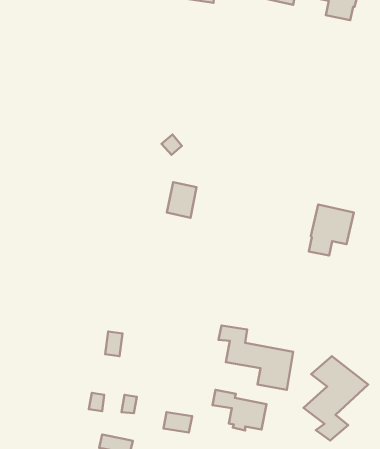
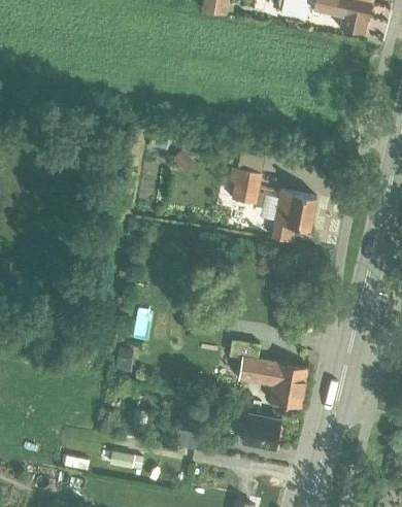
building: [167,182,197,218] -> [232,168,262,204]
building: [309,204,354,255] -> [272,190,317,241]
building: [303,356,368,441] -> none

